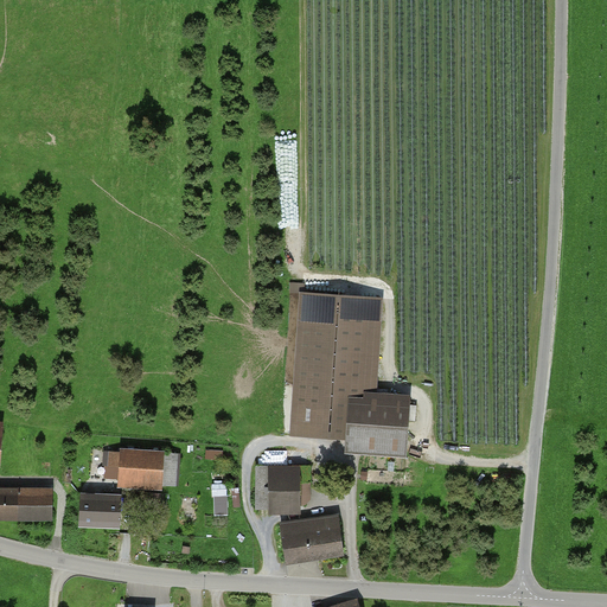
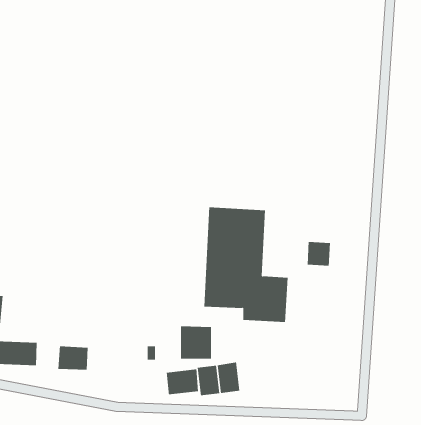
building: none -> [307,241,330,266]
building: [109,446,166,486] -> none
building: none -> [166,369,199,395]

